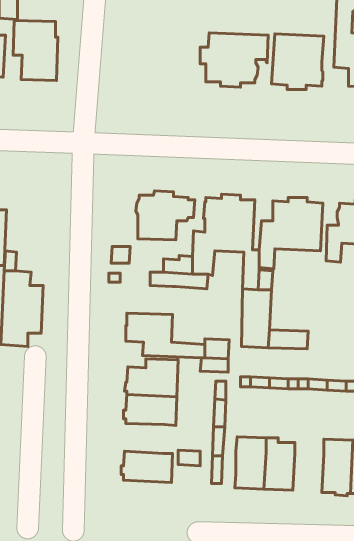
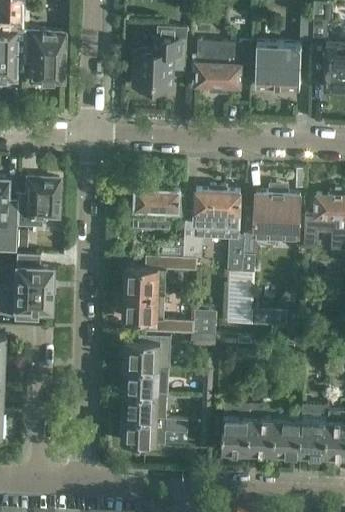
building: none -> [134,28,187,89]
building: none -> [17,180,60,228]
building: none -> [125,268,166,295]
building: none -> [121,393,159,420]
building: none -> [274,420,302,455]

